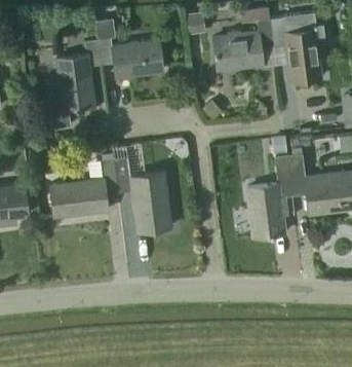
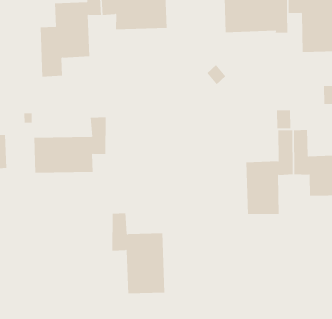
building: [115,157,171,232] -> [111,213,165,294]

